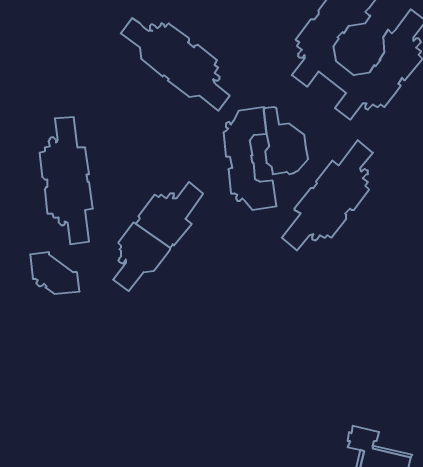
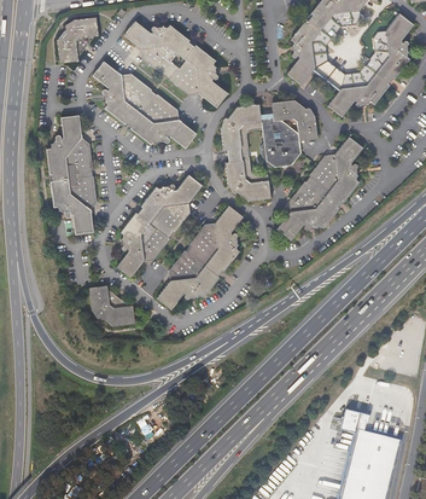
building: none -> [58,17,98,63]
building: none -> [92,62,197,149]
building: none -> [272,100,317,143]
building: none -> [158,205,244,311]
building: [30,252,80,294] -> [89,286,136,326]

